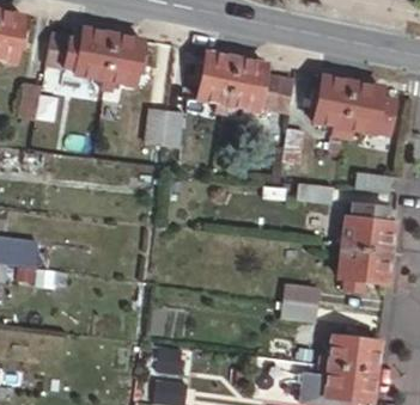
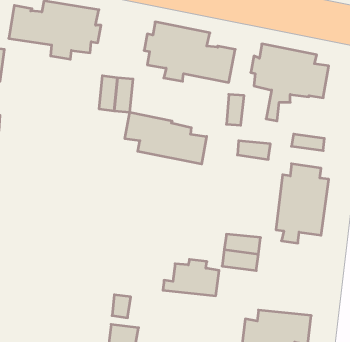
building: none -> [125,112,207,164]
building: [318,331,379,370] -> [163,259,219,296]

